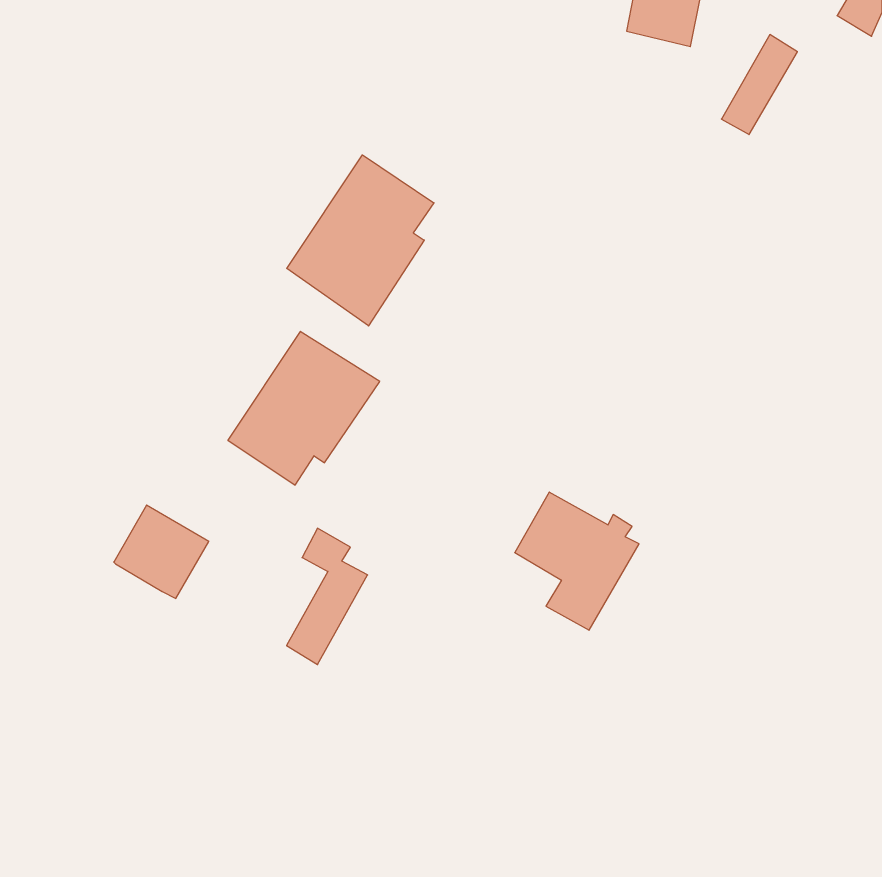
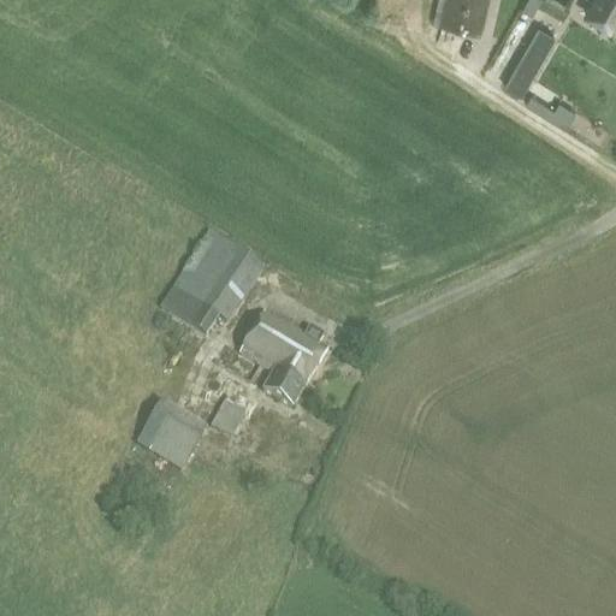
building: [287,155,434,326] -> none
building: [515,492,639,630] -> [241,310,327,407]
building: [114,505,209,598] -> [140,402,206,467]

